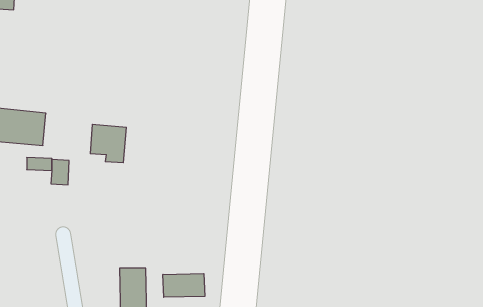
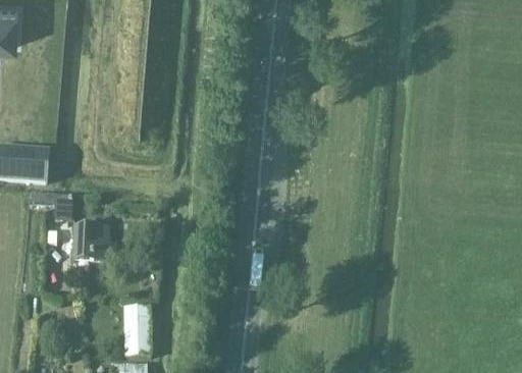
building: [90,124,126,163] -> [72,223,109,262]
building: [163,274,205,297] -> none

